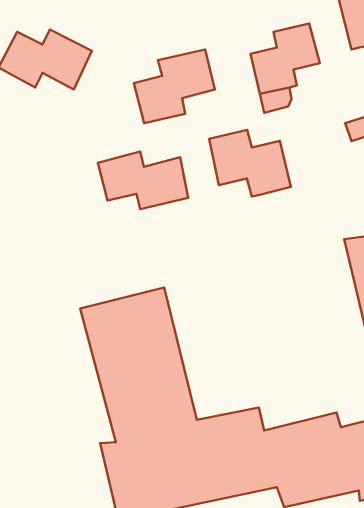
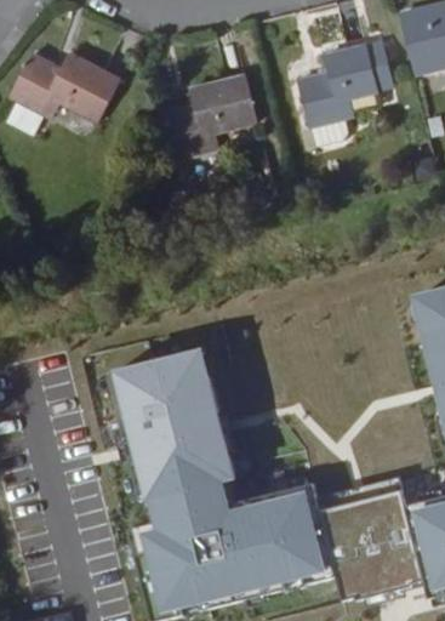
building: [209,130,291,196] -> none
building: [98,151,188,209] -> none

